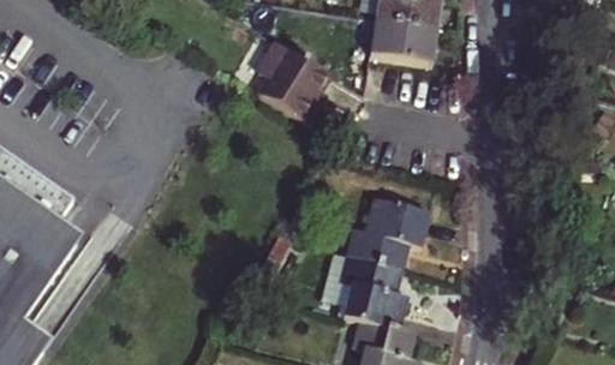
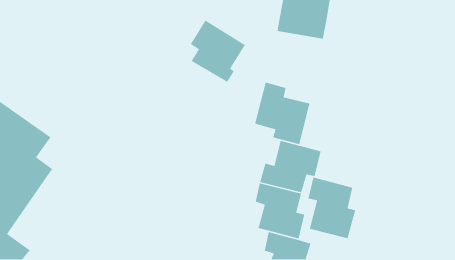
building: none -> [254,81,310,145]
building: none -> [307,176,356,239]

